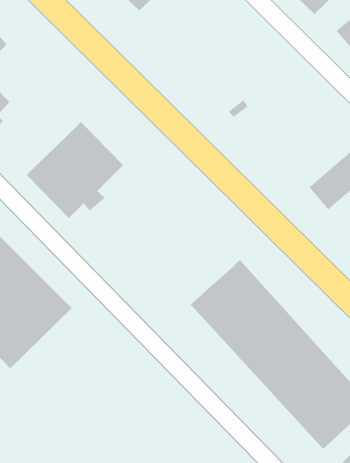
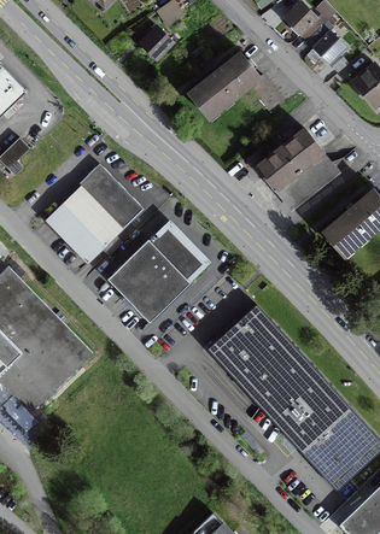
building: none -> [188,52,283,117]
building: none -> [257,128,339,206]
building: none -> [107,224,204,322]

